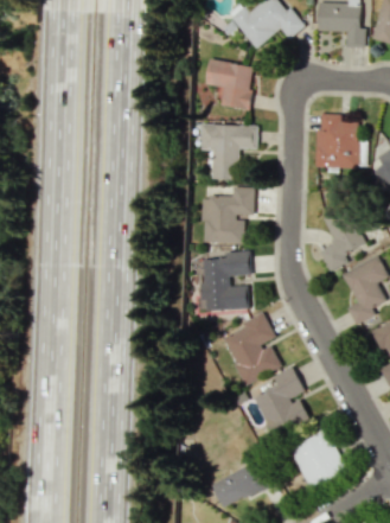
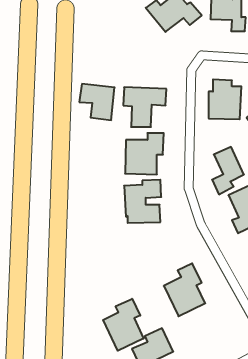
building: [204,59,252,109] -> [79,84,115,120]
building: [220,314,282,384] -> none
building: none -> [103,299,144,351]
building: [289,429,347,489] -> none

